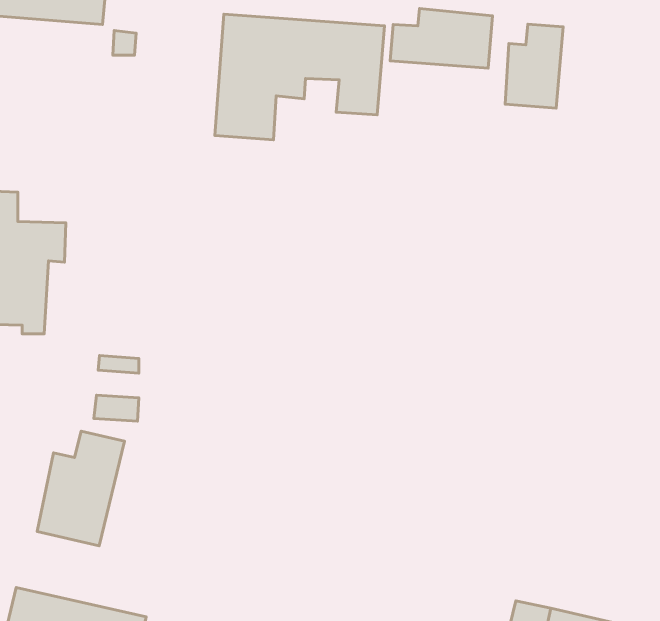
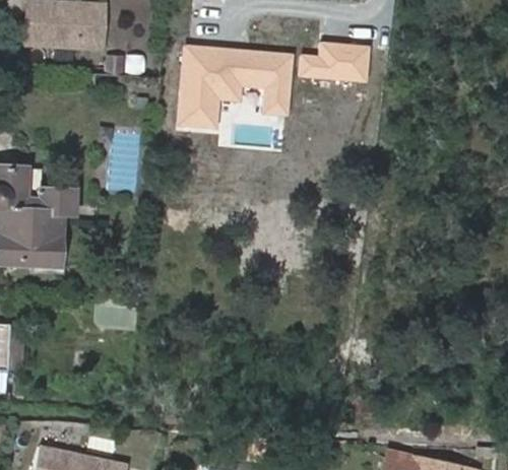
building: [505,24,563,108] -> none
building: [37,431,124,546] -> none

